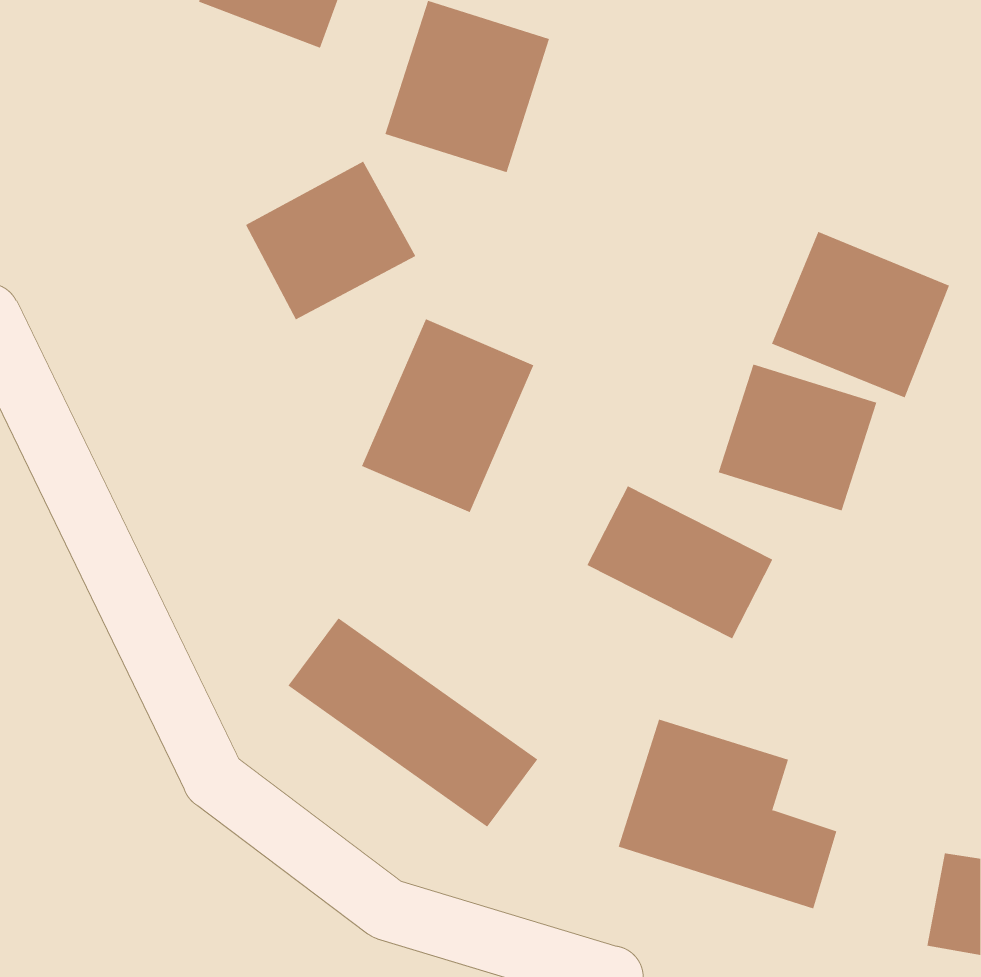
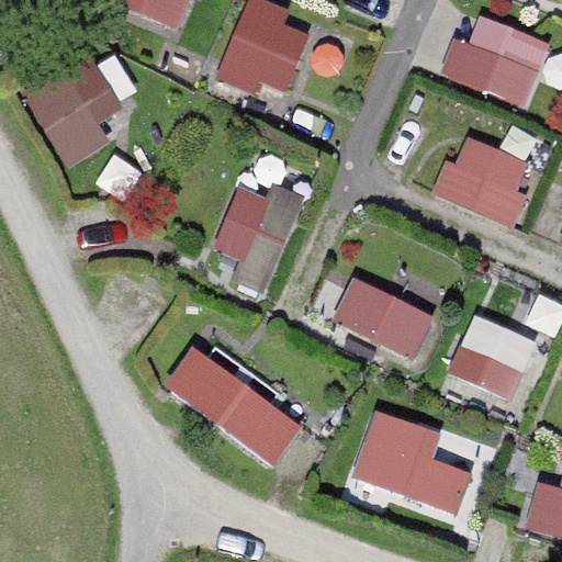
building: none -> [451,13,548,98]
building: [245,161,416,320] -> [31,68,127,158]
building: [718,364,877,511] -> [448,315,538,398]

